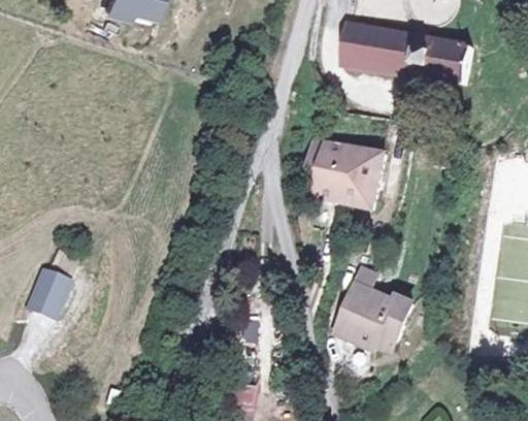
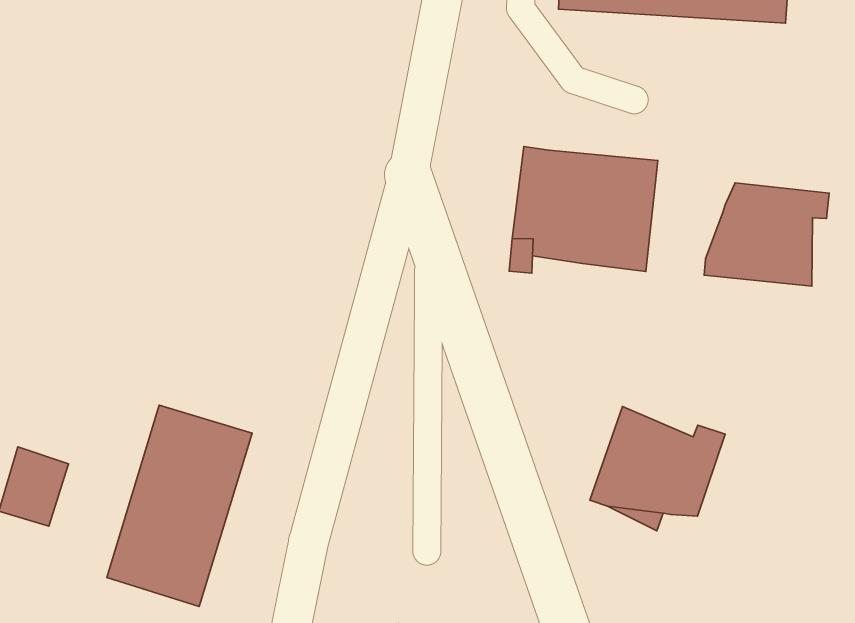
building: none -> [704,183,829,286]
building: none -> [107,405,252,606]

